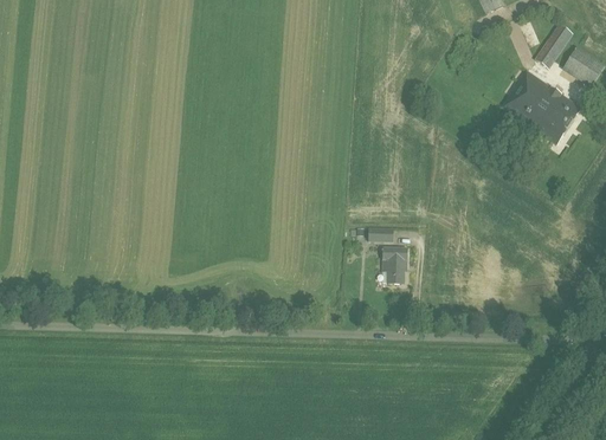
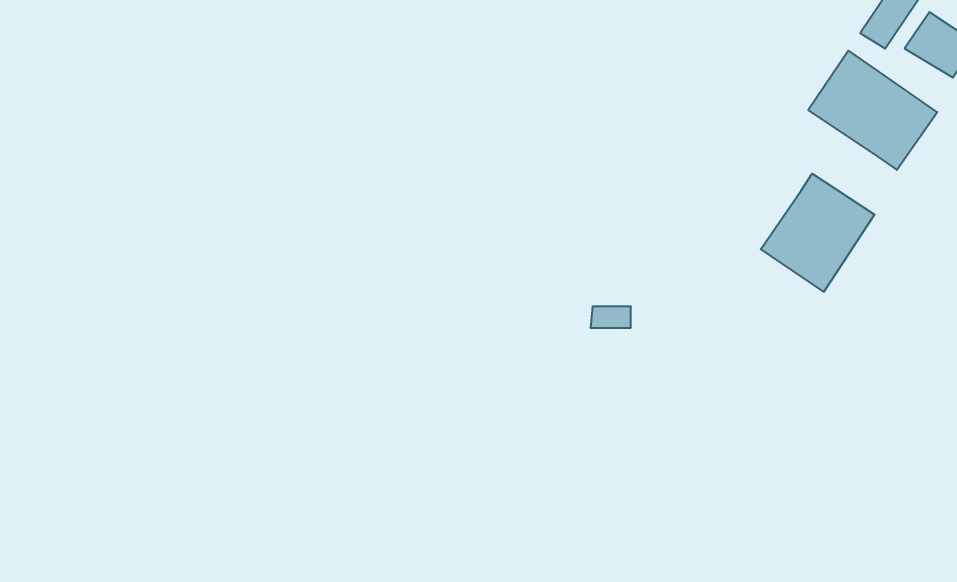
building: none -> [761,174,875,292]
building: [382,247,407,283] -> none

